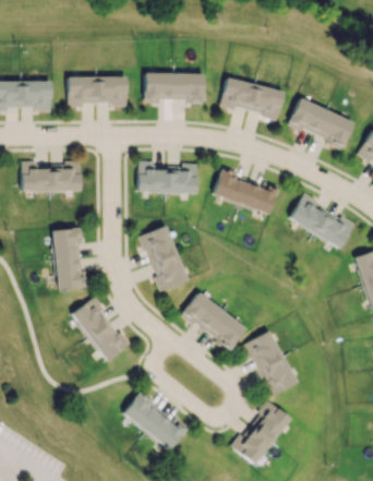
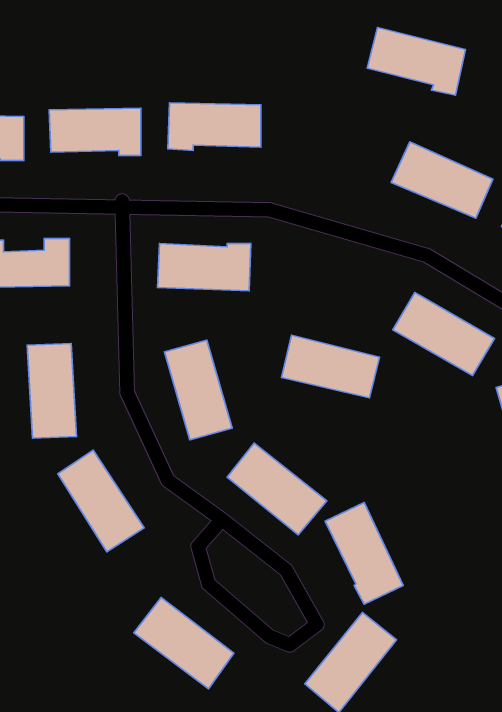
building: [220,77,284,121] -> [367,27,466,95]
building: [214,171,277,212] -> [281,335,380,398]

